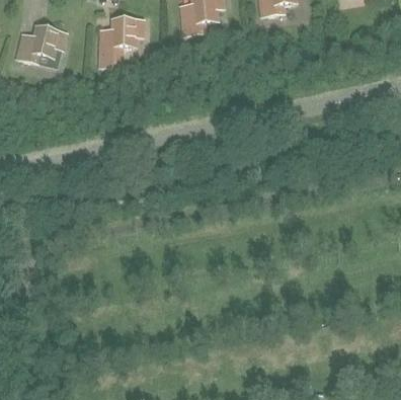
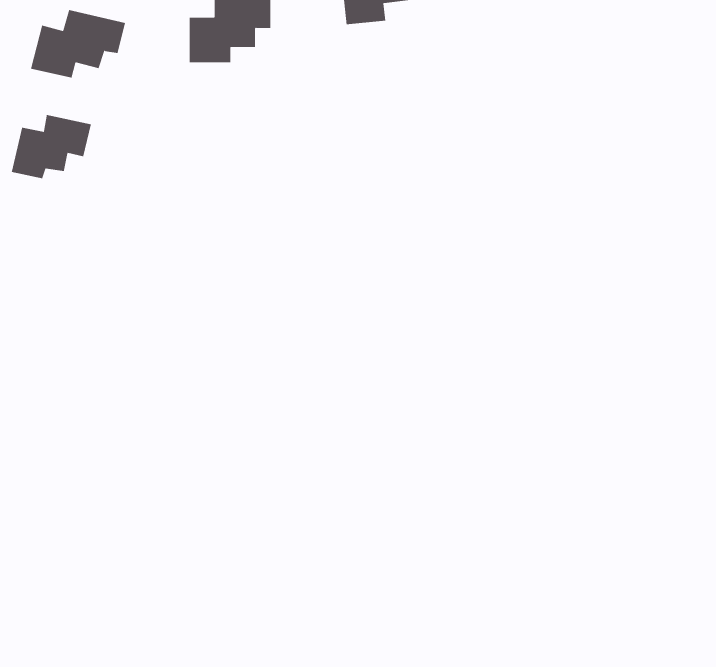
building: none -> [11,114,92,179]

